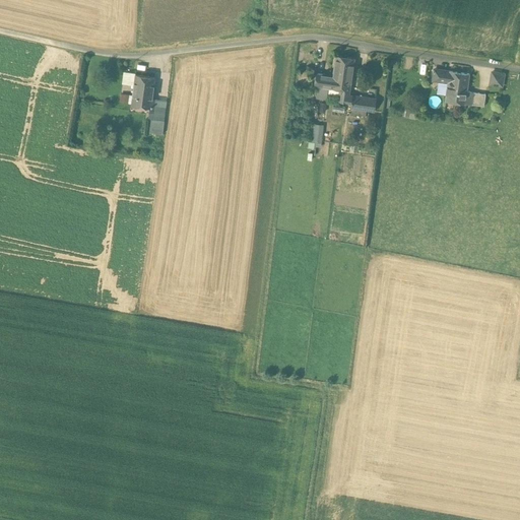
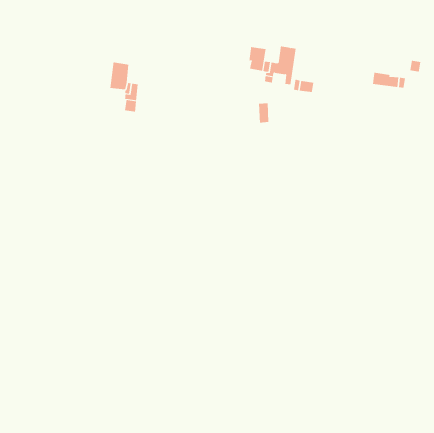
building: none -> [249,46,266,72]
building: [433,70,469,90] -> none

